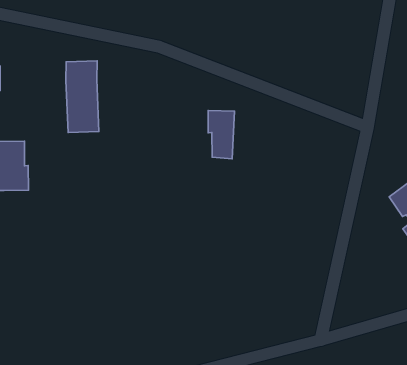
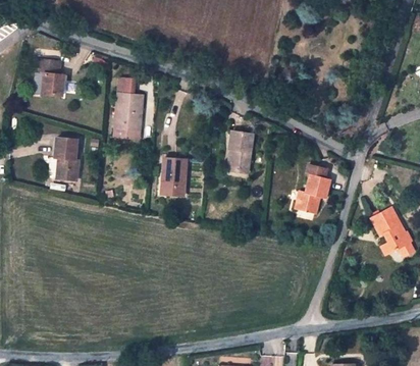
building: none -> [294,165,329,214]
building: none -> [161,158,186,197]

